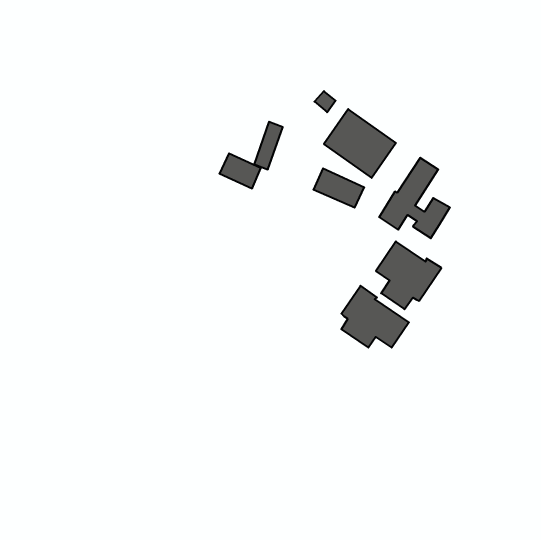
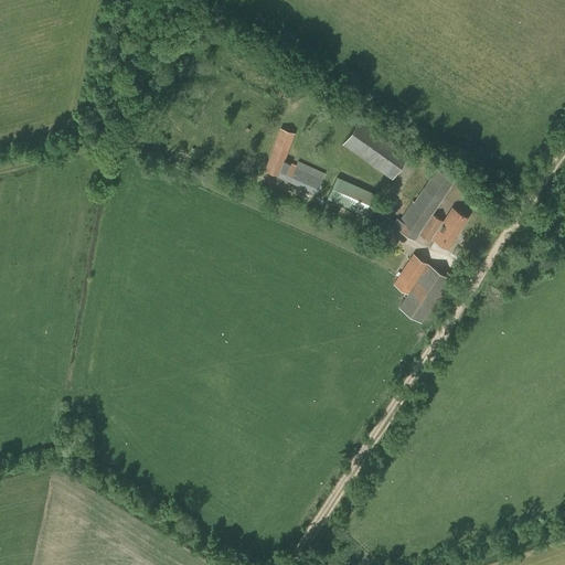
building: [219,153,261,188] -> [281,159,324,195]
building: [341,286,409,348] -> none

